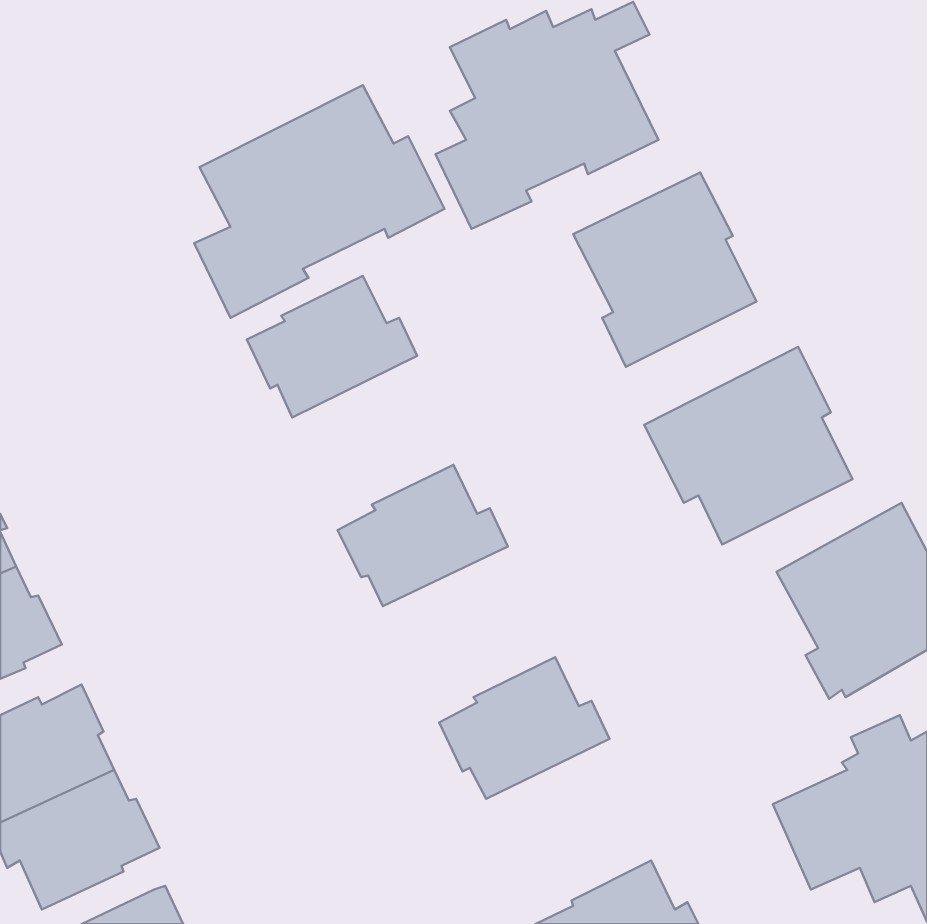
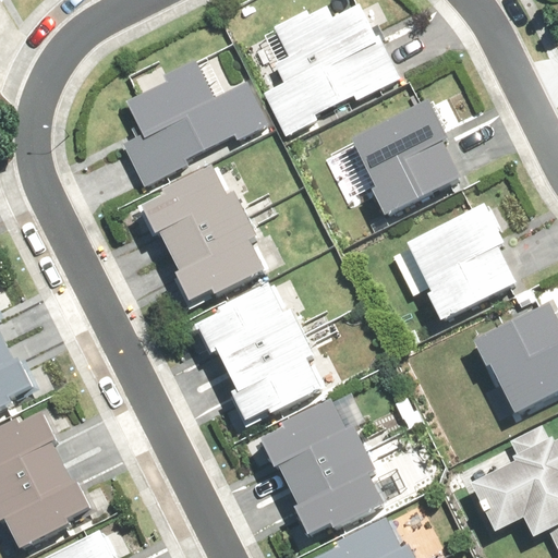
building: none -> [175,214,269,301]
building: none -> [230,328,324,414]
building: none -> [292,444,386,530]

